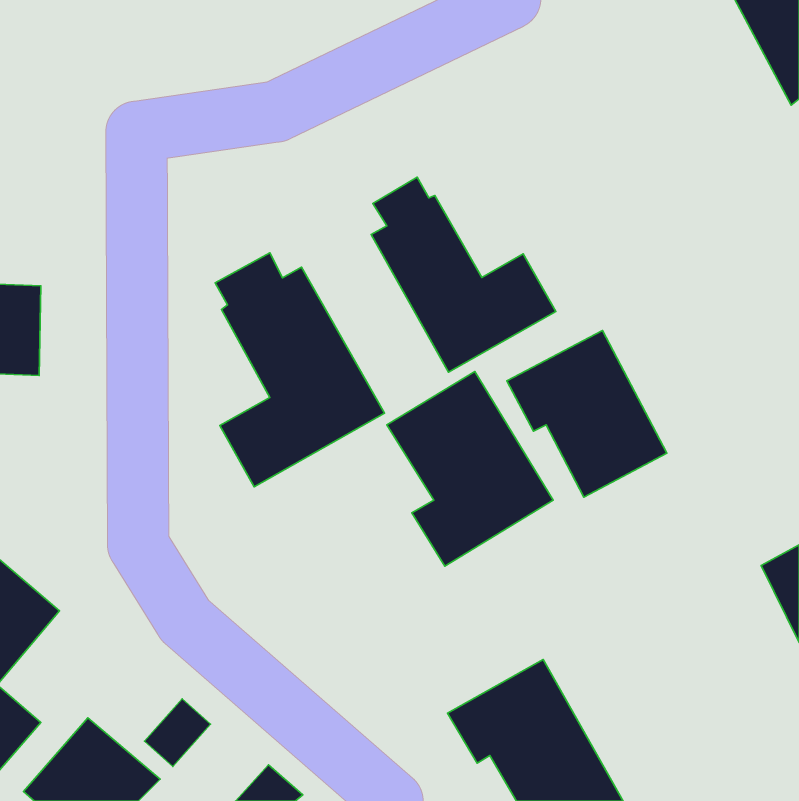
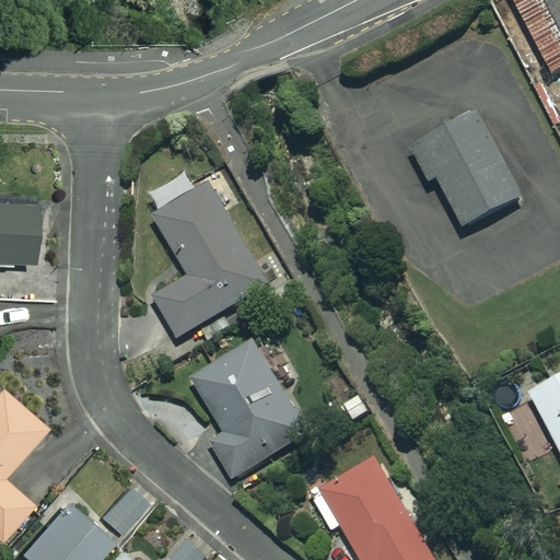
building: [371,177,556,372] -> none
building: [507,331,667,497] -> [411,113,523,229]
building: [387,371,553,566] -> [192,343,308,479]

